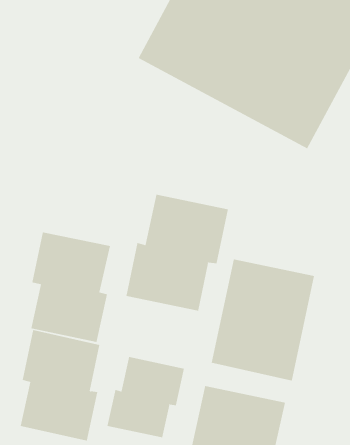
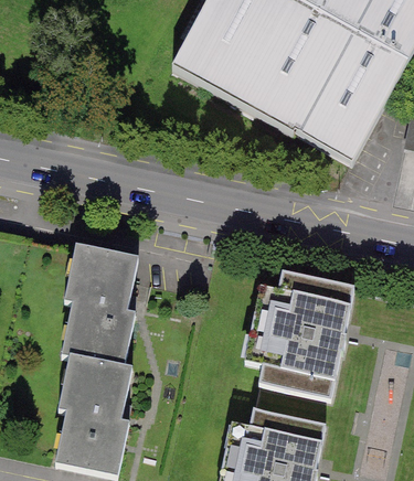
building: [126,194,229,311] -> none
building: [107,356,184,438] -> none

